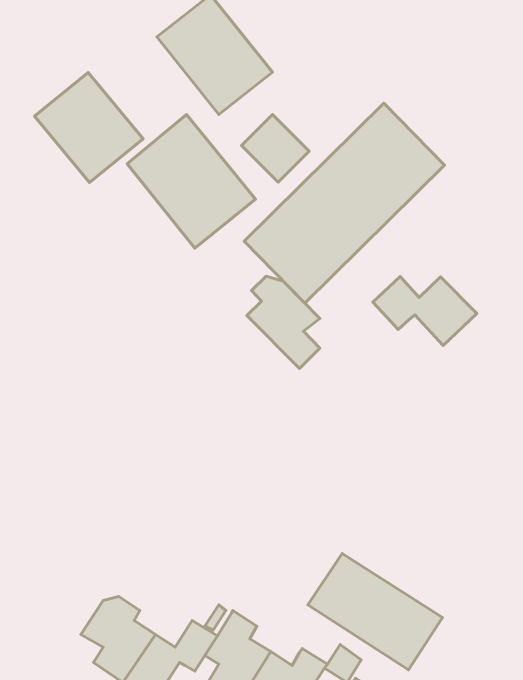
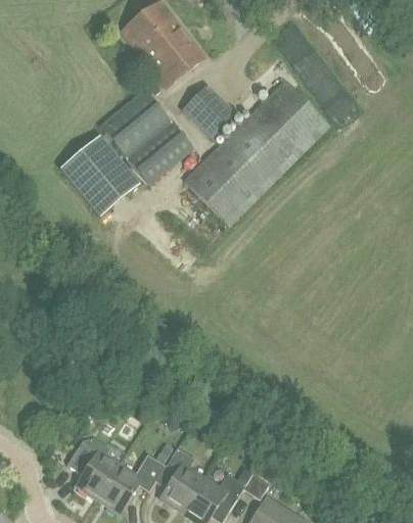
building: [34,72,143,182] -> [60,136,139,216]
building: [247,276,320,368] -> none
building: [373,277,477,345] -> none
building: [308,553,442,670] -> none

